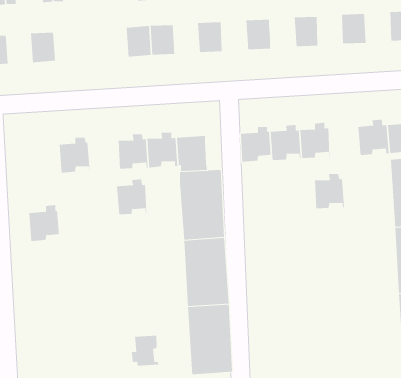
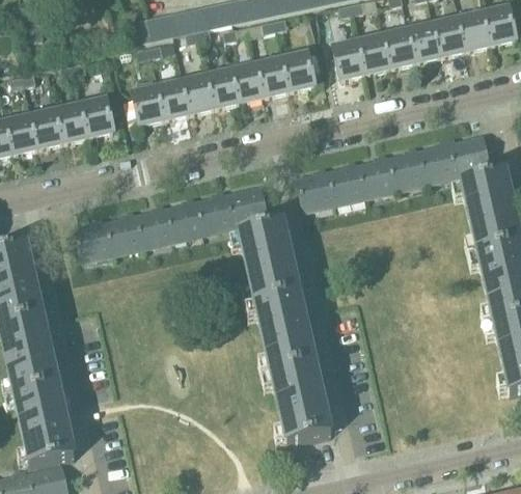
building: none -> [409,24,441,61]
building: none -> [359,35,390,73]
building: none -> [258,58,291,95]
building: none -> [208,70,240,107]
building: none -> [133,87,165,124]
building: none -> [82,100,115,135]
building: none -> [32,110,64,146]
building: [314,174,345,209] -> [391,146,429,188]
building: [116,179,147,215] -> [138,203,175,246]
building: [28,205,60,241] -> [76,217,114,260]
building: [131,335,159,366] -> none

